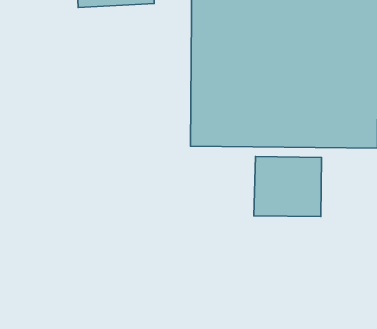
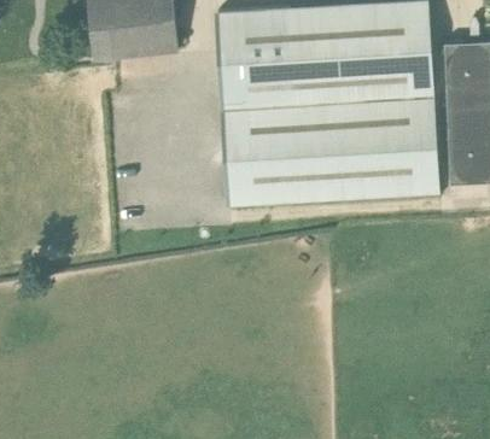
building: [254,157,321,217] -> none

